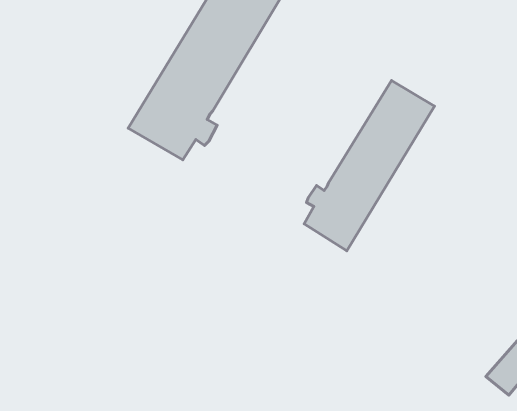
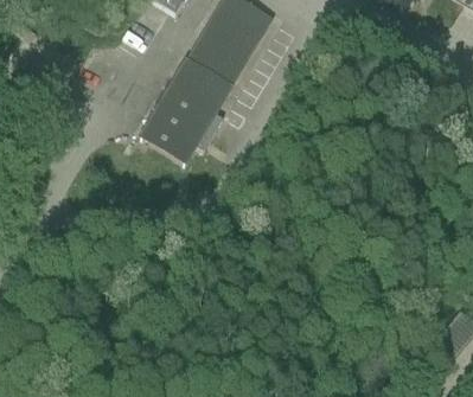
building: [304,80,435,251] -> none

